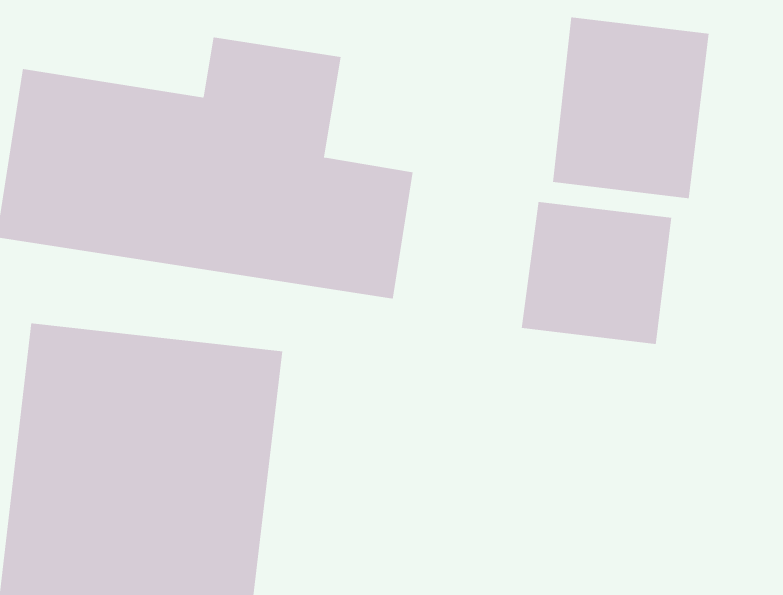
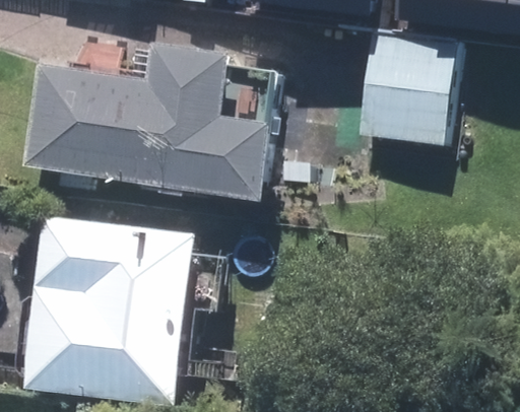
building: [521,201,672,345] -> none

